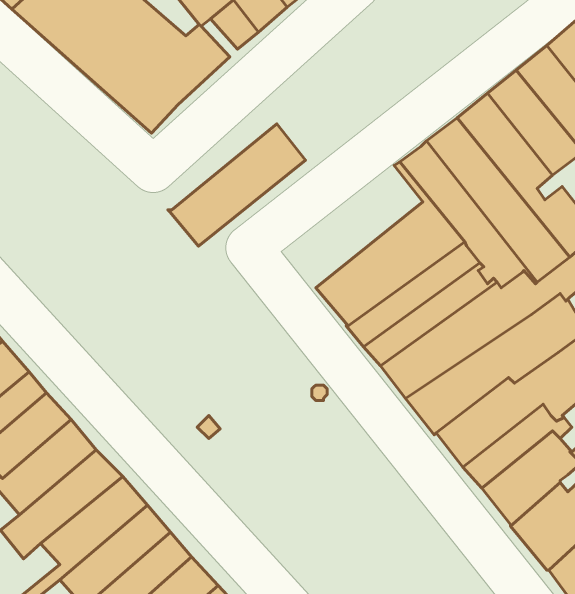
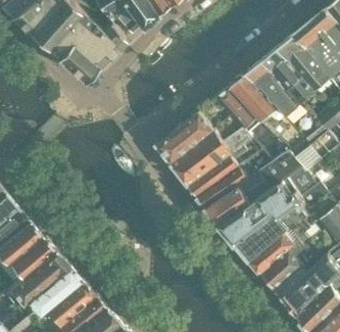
building: [168,124,305,246] -> [156,99,230,164]

